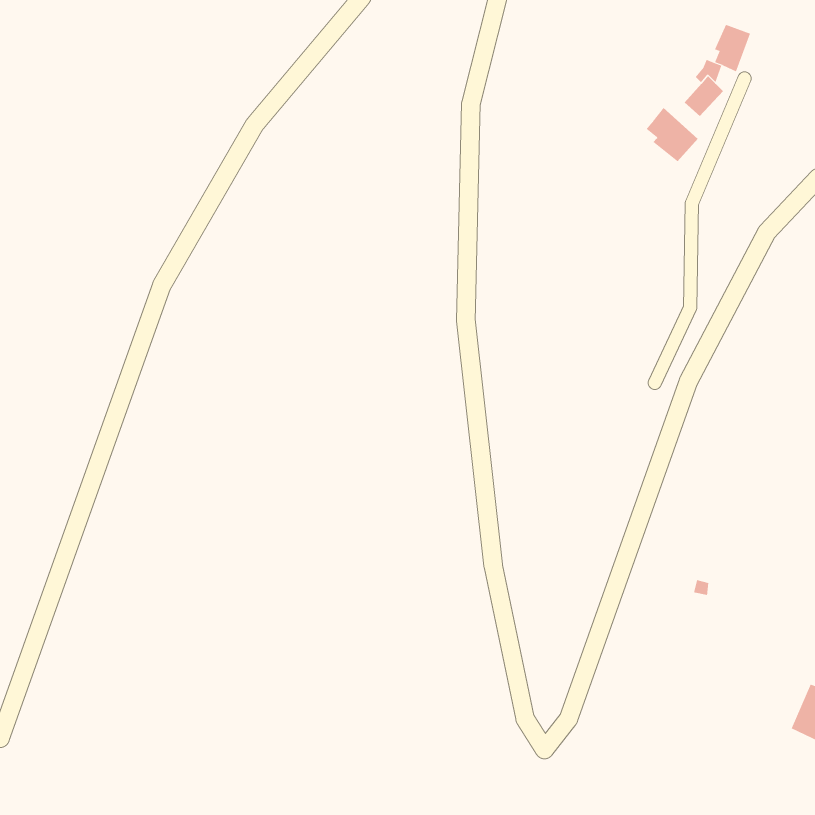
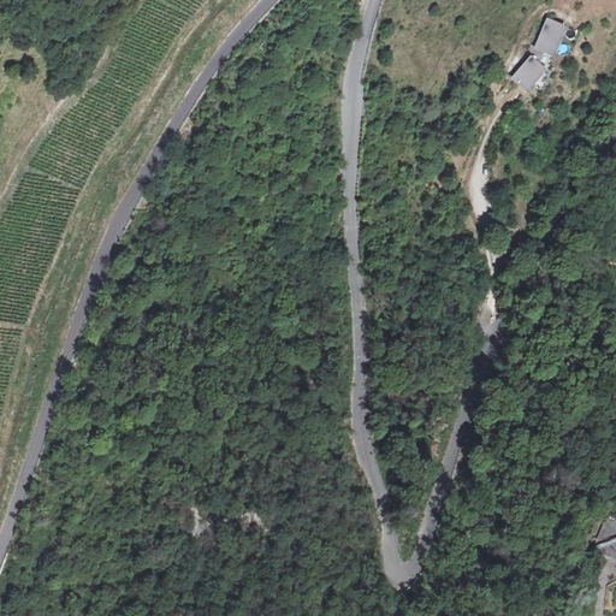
building: [646,107,699,162] -> none

